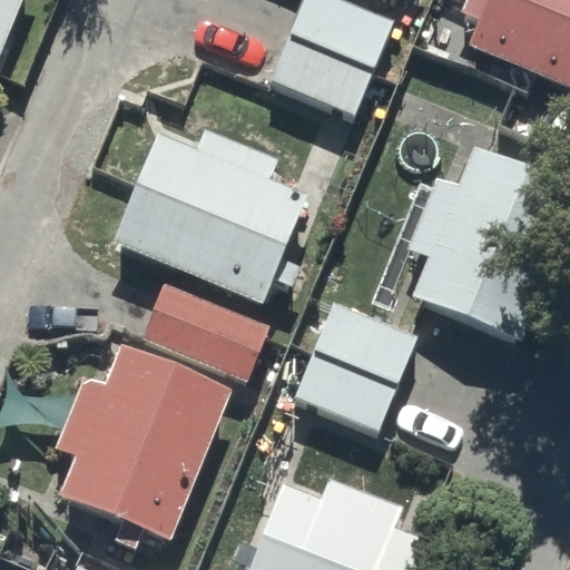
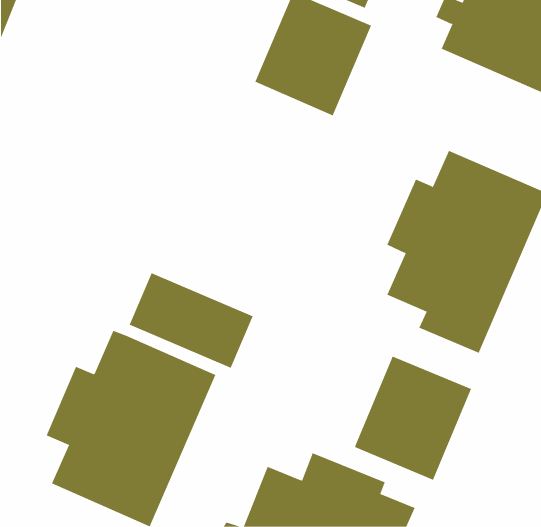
building: [110,136,306,314] -> none
building: [293,305,416,435] -> [354,356,472,480]

